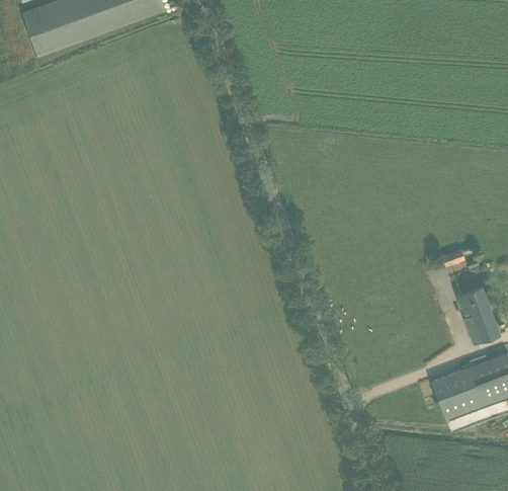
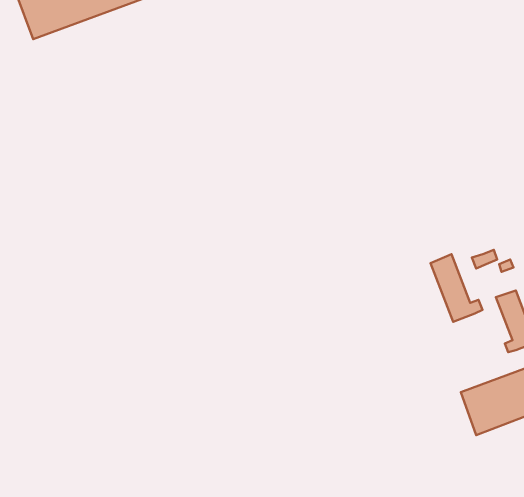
building: none -> [431,254,483,322]

